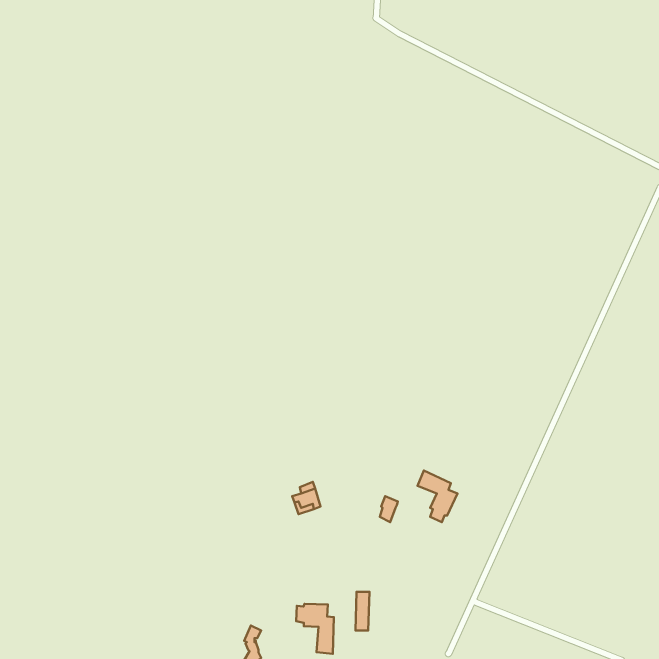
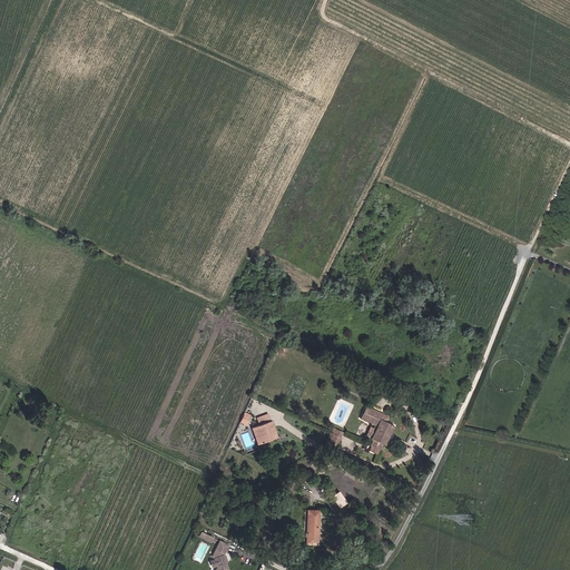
building: [296,604,334,654] -> none

